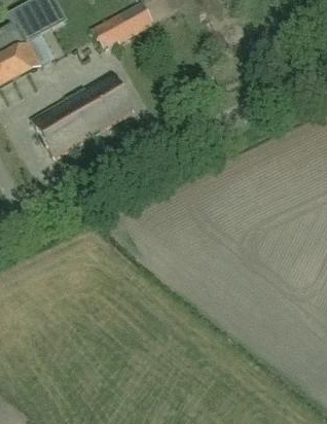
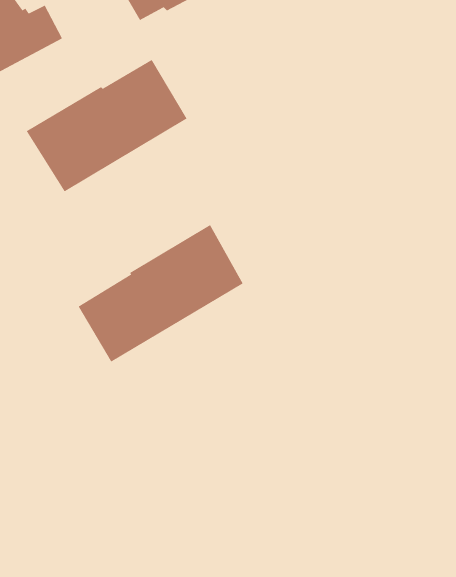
building: none -> [78,224,243,362]

